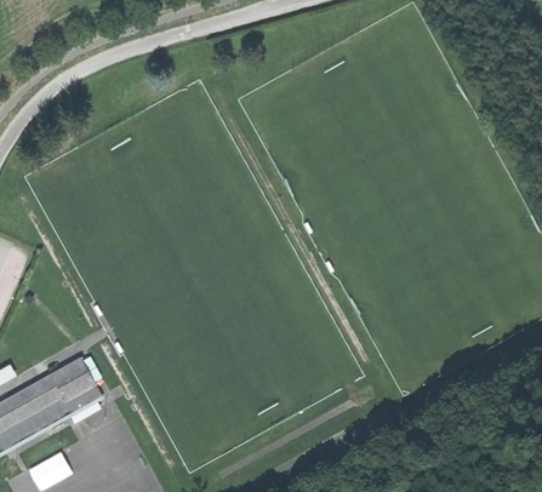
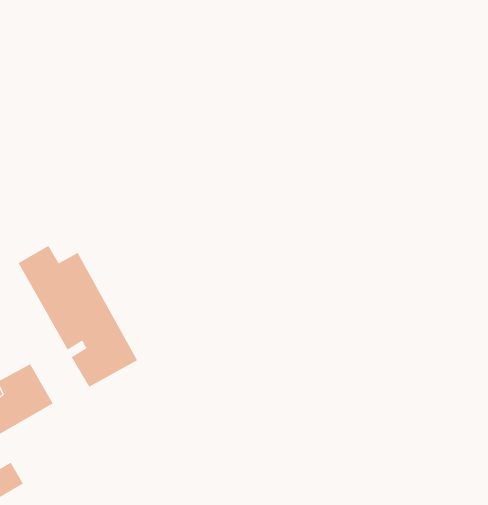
building: none -> [18,245,138,387]

